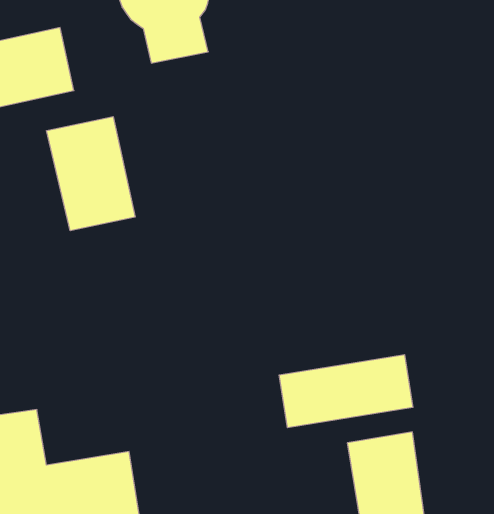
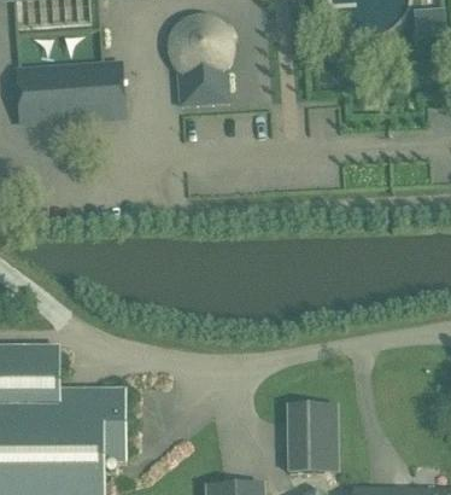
building: [47,117,135,231] -> none
building: [279,355,413,428] -> none

